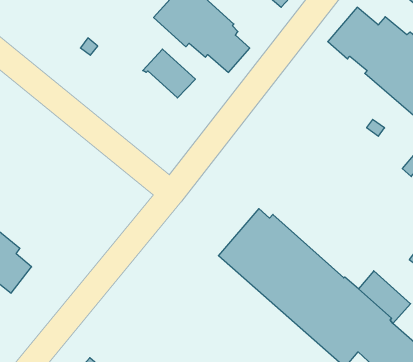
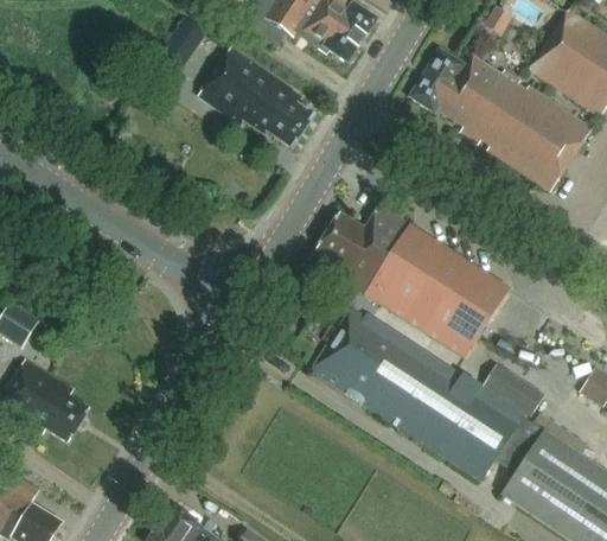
building: [143,49,195,98] -> none
building: none -> [318,204,510,357]

